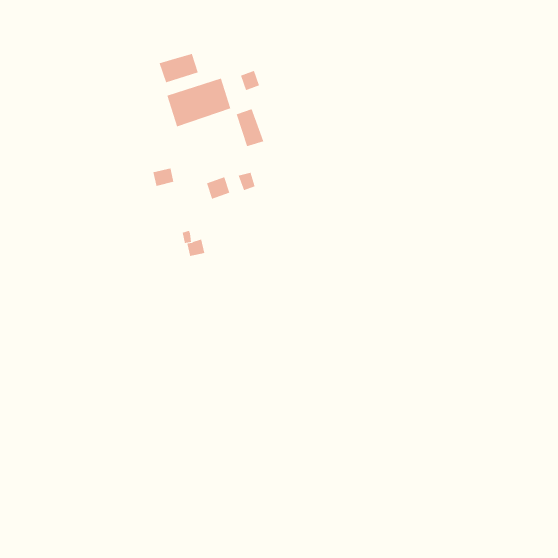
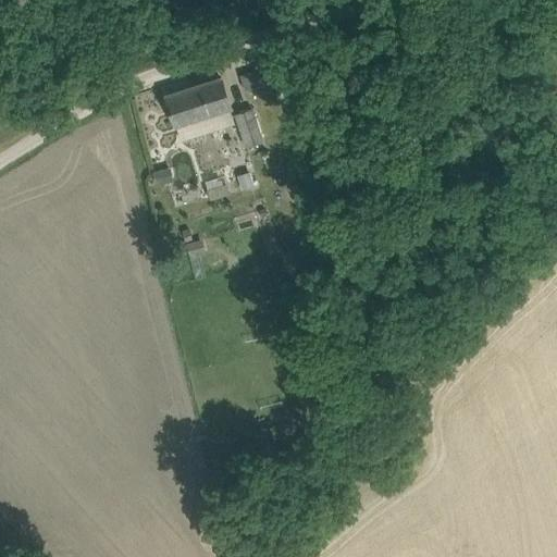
building: [159,53,198,83] -> none

